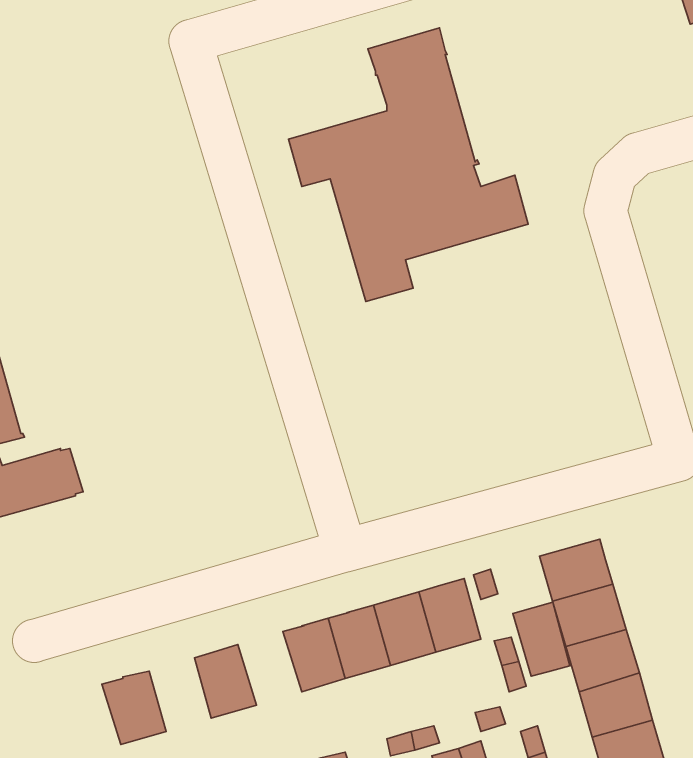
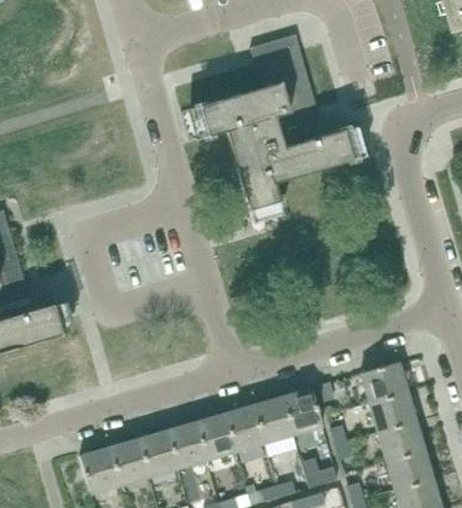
building: [513,602,570,676] -> none
building: none -> [166,421,207,468]
building: none -> [109,438,149,485]

